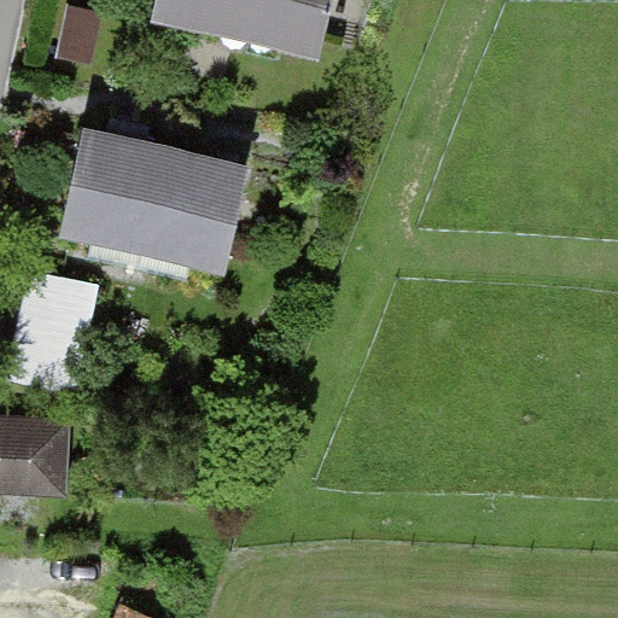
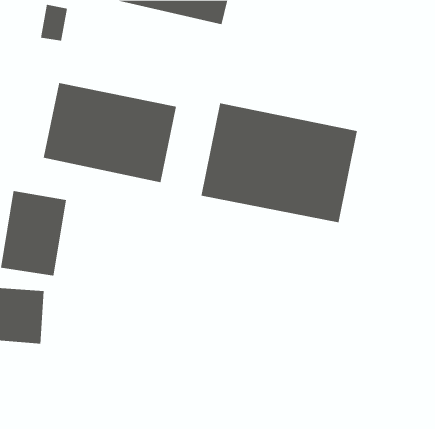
building: none -> [201,103,357,223]

